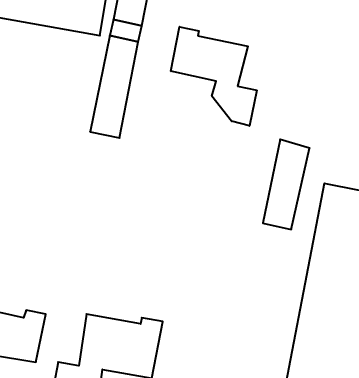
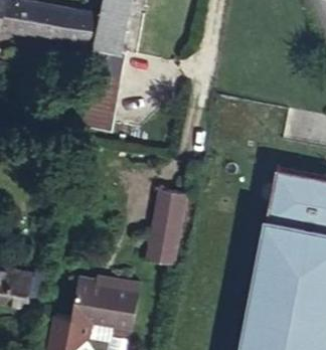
building: [171,27,257,126] -> none
building: [263,139,310,229] -> [146,188,184,261]

